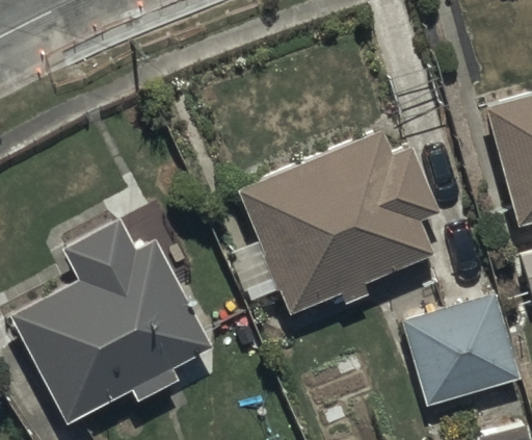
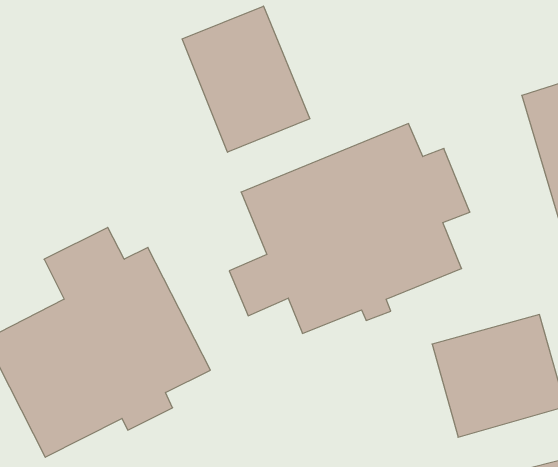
building: none -> [182,6,310,152]

